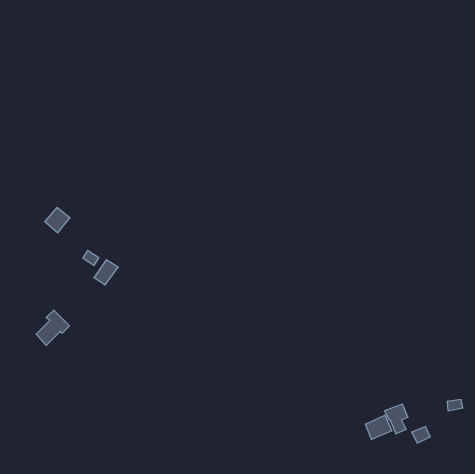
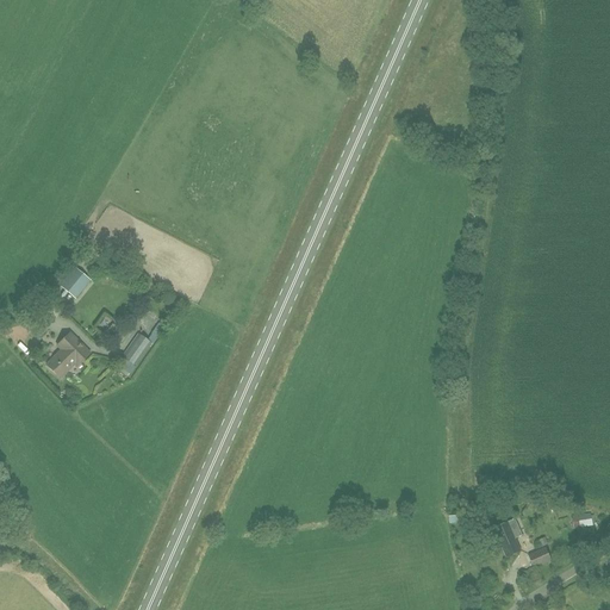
building: [36,310,70,345] -> [49,330,92,375]
building: [365,415,392,440] -> none

